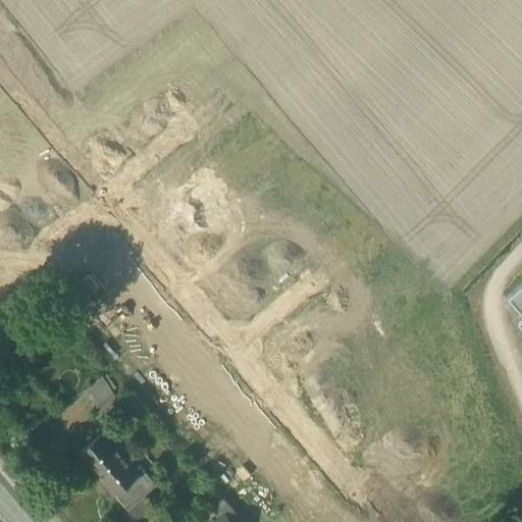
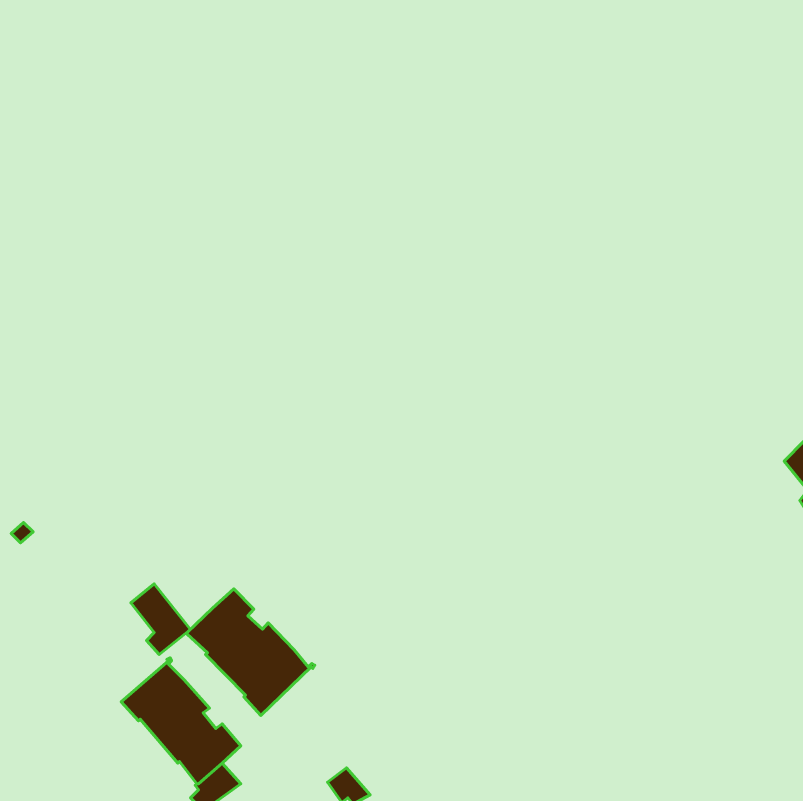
building: none -> [187,589,315,715]

